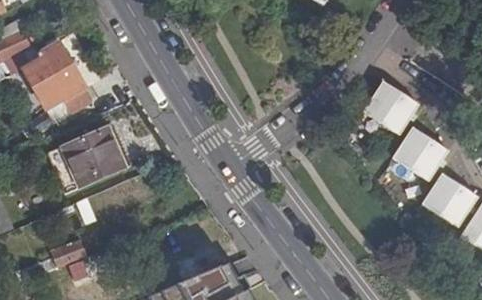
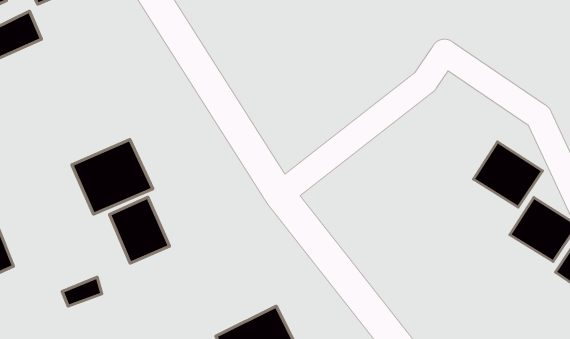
building: [21,41,94,123] -> none
building: [363,81,419,134] -> none
building: none -> [110,197,169,263]

